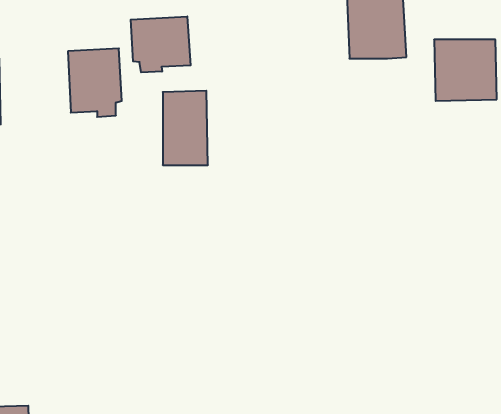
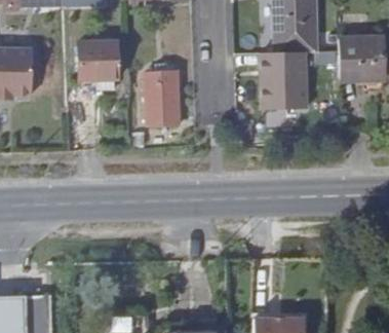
building: [131,16,191,72] -> none
building: none -> [261,51,306,108]

